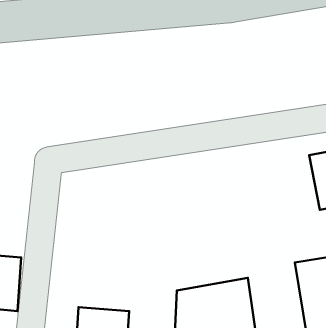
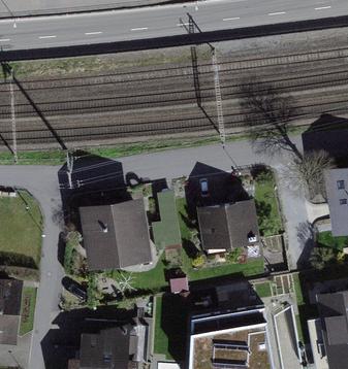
building: none -> [87,205,153,271]
building: none -> [204,207,261,249]

